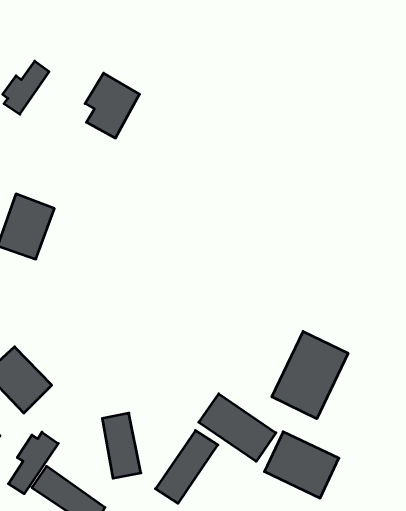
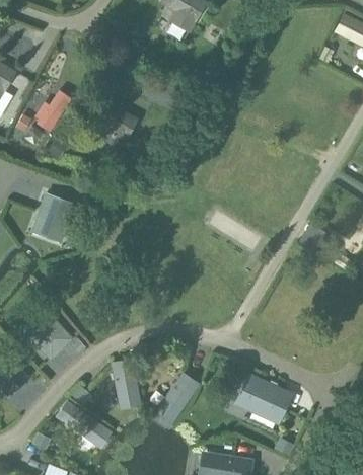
building: [272,331,348,419] -> none
building: [199,394,276,461] -> none
building: [8,432,58,494] -> none

